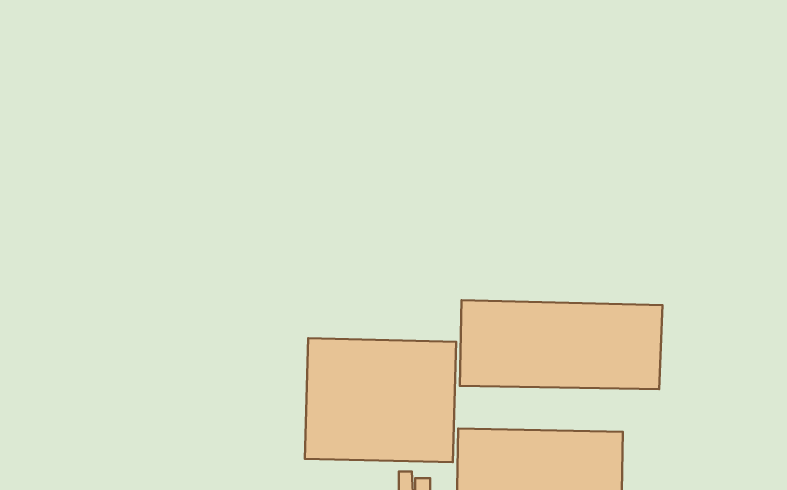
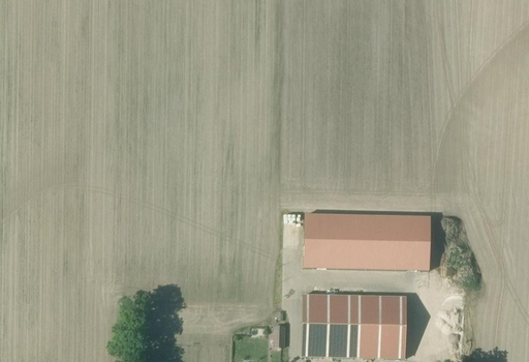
building: [305,338,456,462] -> none

